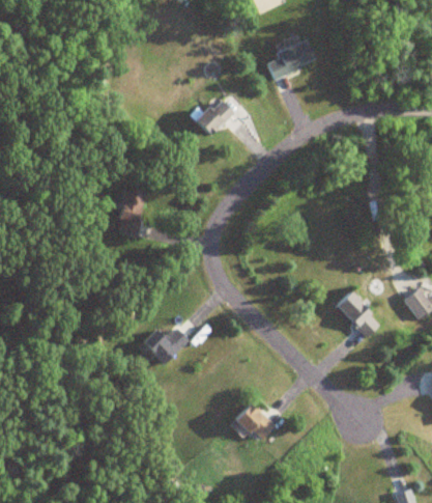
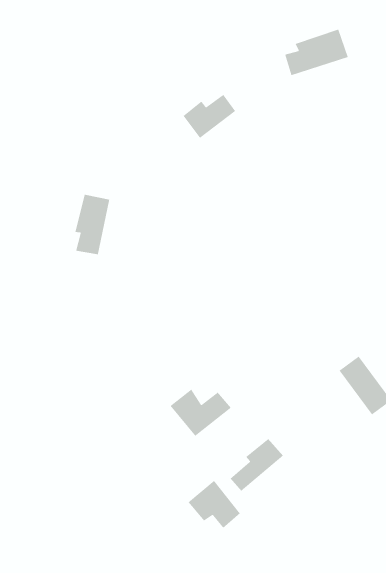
building: [142,328,191,365] -> [169,388,232,437]
building: none -> [229,438,284,492]

